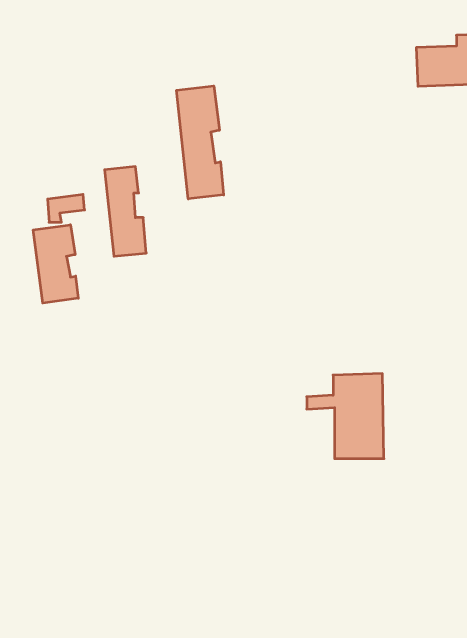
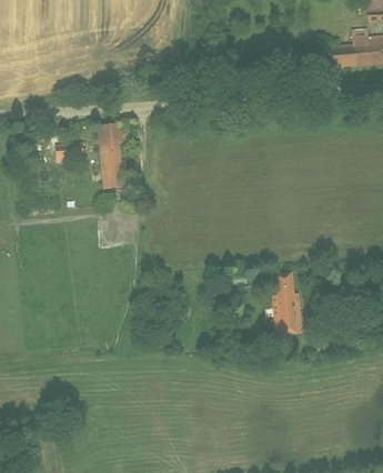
building: [177,86,224,199] -> none
building: [33,225,78,303] -> none

